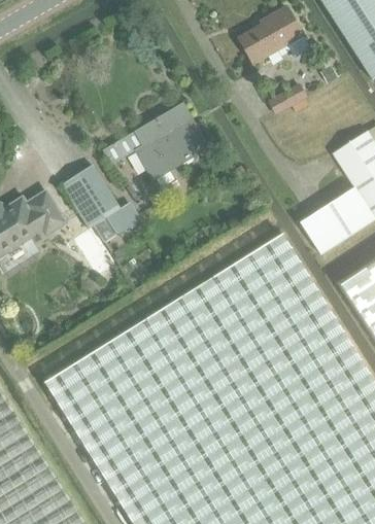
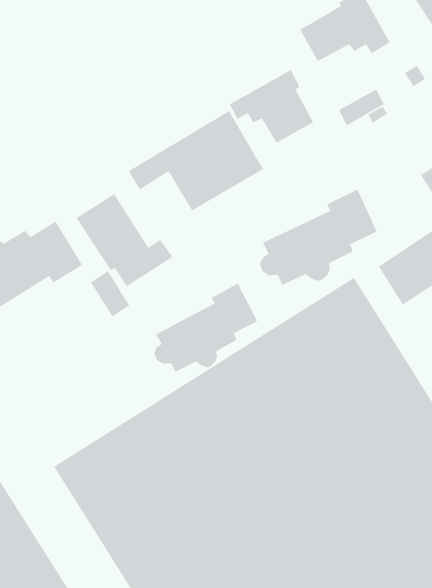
building: none -> [229,69,314,144]
building: none -> [259,189,378,286]
building: none -> [154,283,258,373]

